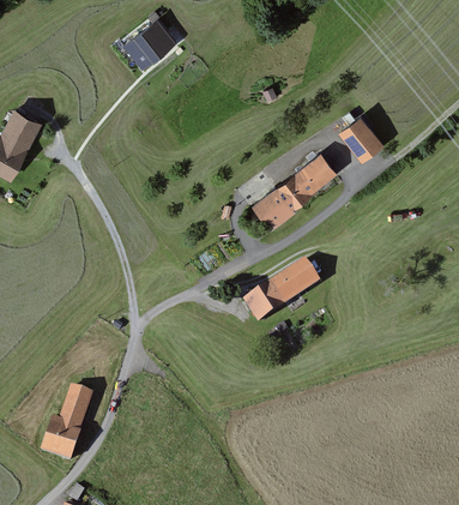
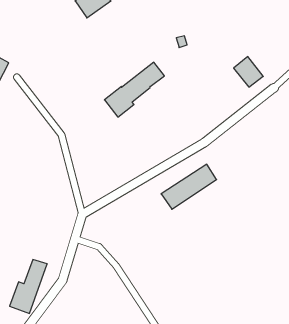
building: [254,152,334,226] -> [104,62,164,117]

